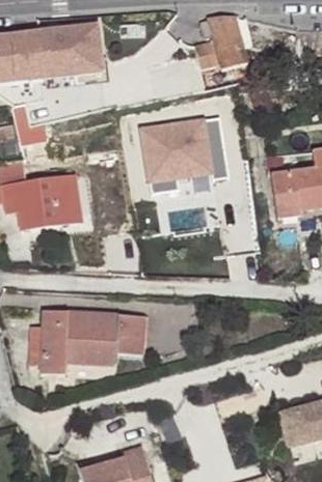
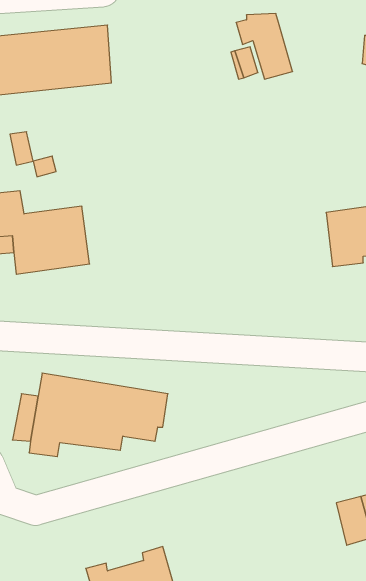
building: [138,111,225,186] -> none

